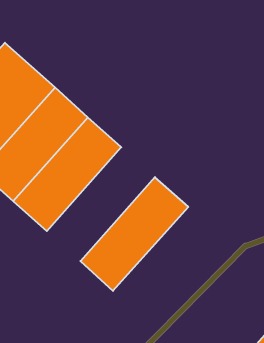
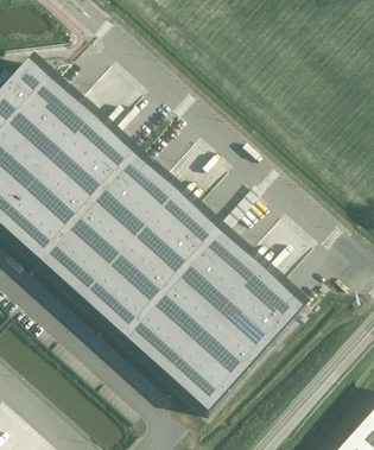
building: none -> [82,192,220,337]
building: none -> [166,268,304,413]

